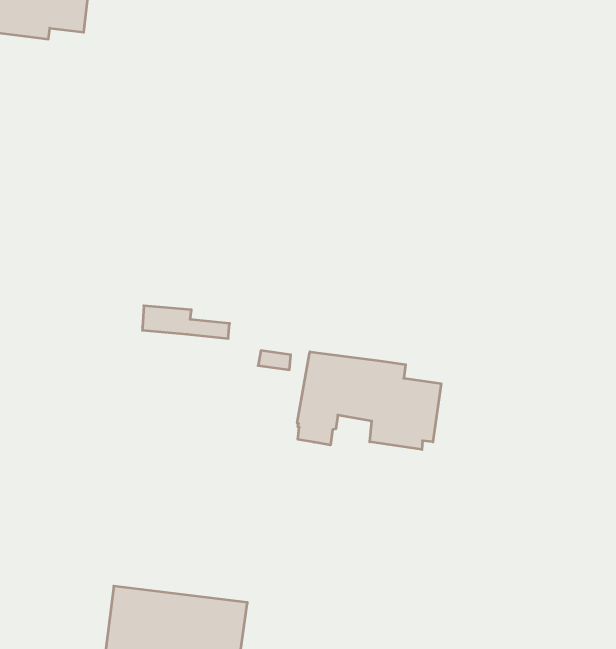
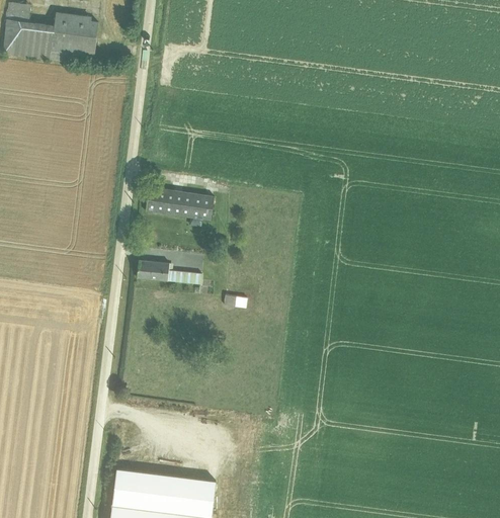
building: none -> [146,187,215,227]
building: [297,352,441,450] -> none

